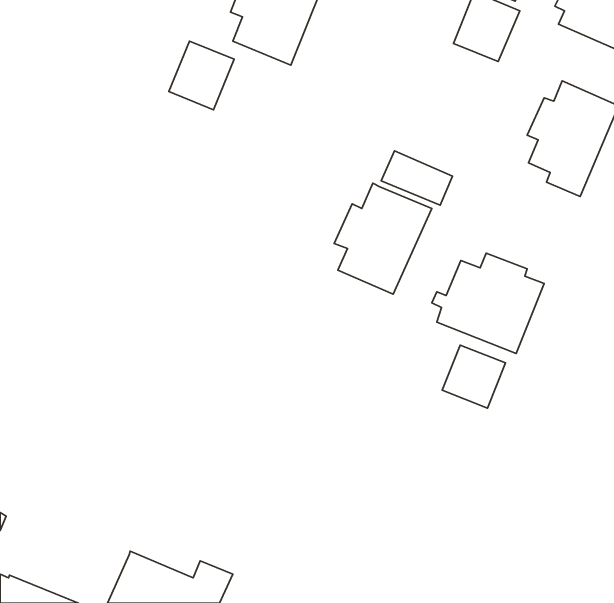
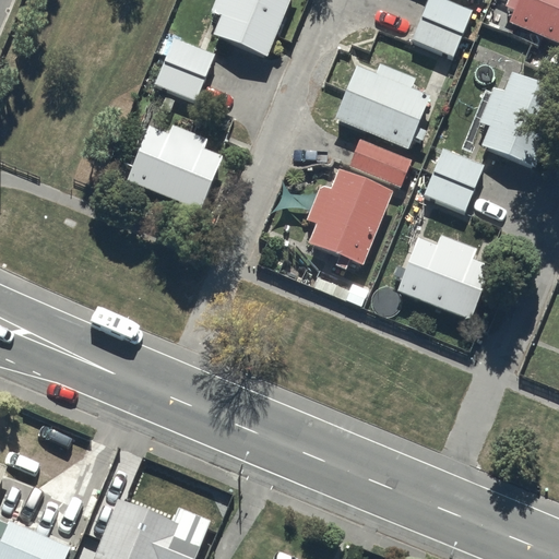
building: none -> [334,63,430,151]
building: none -> [127,124,224,212]
building: none -> [424,146,484,211]
building: [442,345,505,408] -> none

